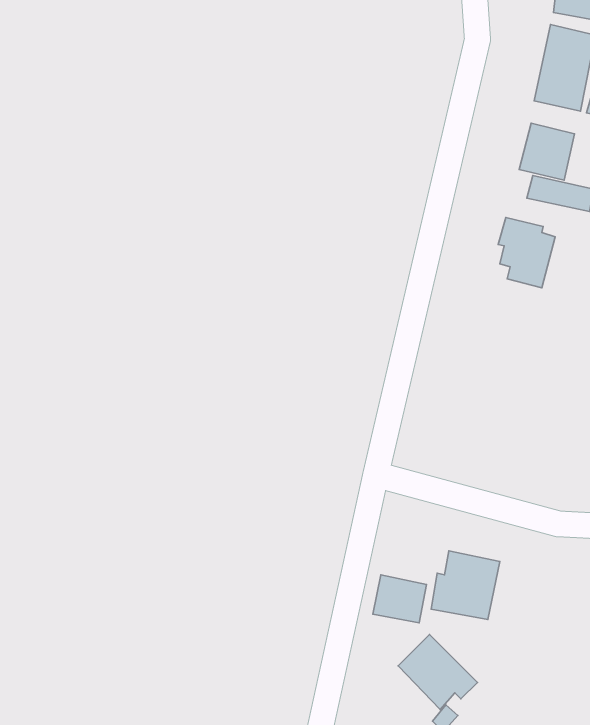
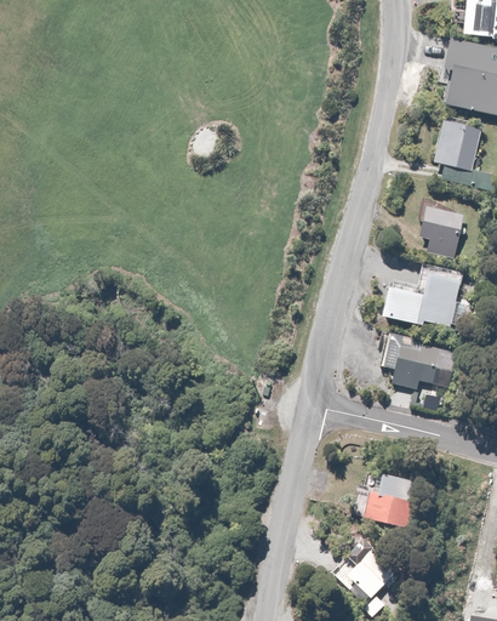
building: none -> [381,274,461,326]
building: none -> [383,334,441,387]
building: [373,575,427,623] -> none

